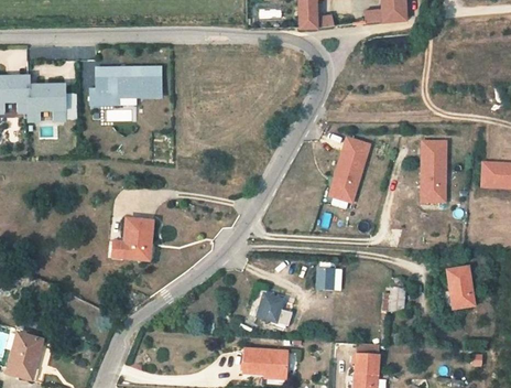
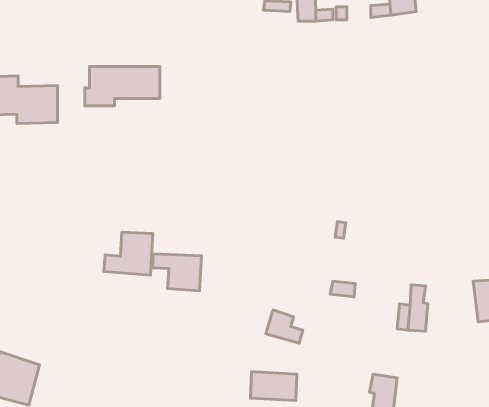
building: [329,139,370,203] -> none
building: [423,142,446,202] -> none
building: none -> [153,254,201,291]

